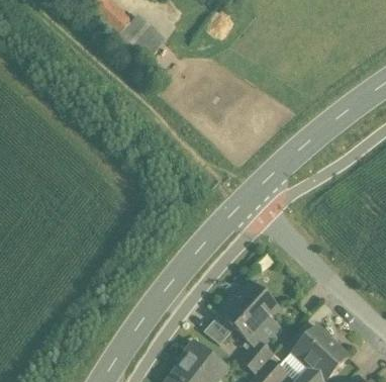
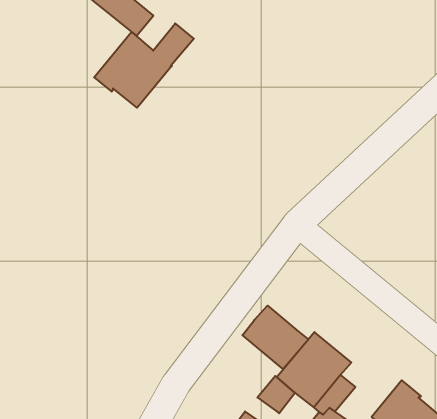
building: none -> [94,23,194,108]
building: none -> [242,306,308,369]

